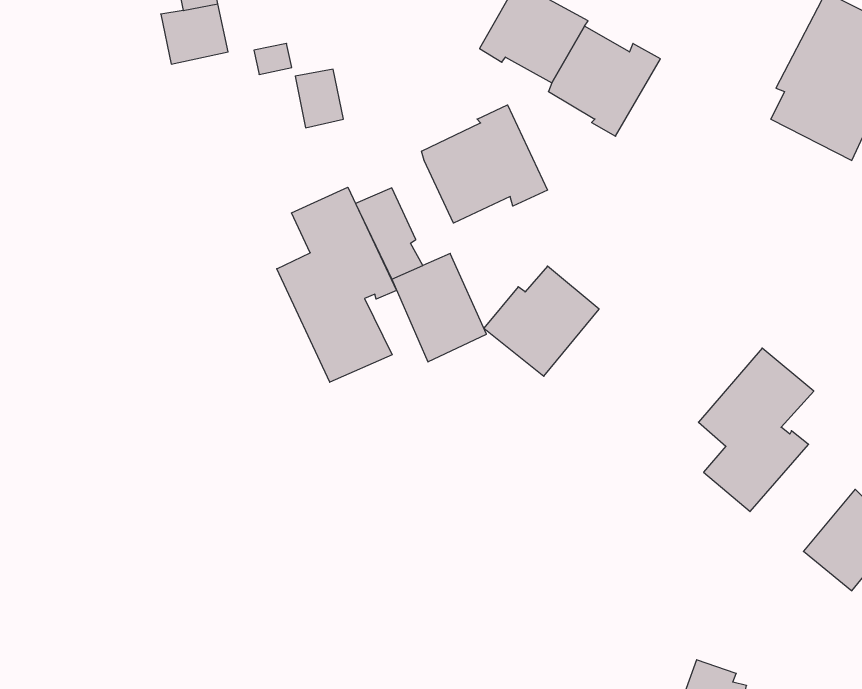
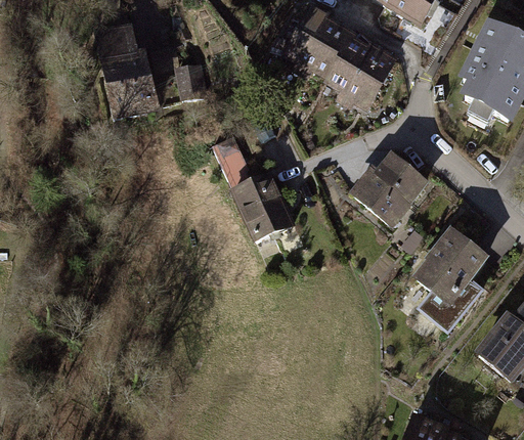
building: none -> [102,55,152,118]
building: [422,105,548,223] -> none
building: [277,187,397,382] -> none
building: [484,266,599,376] -> [354,158,423,223]

